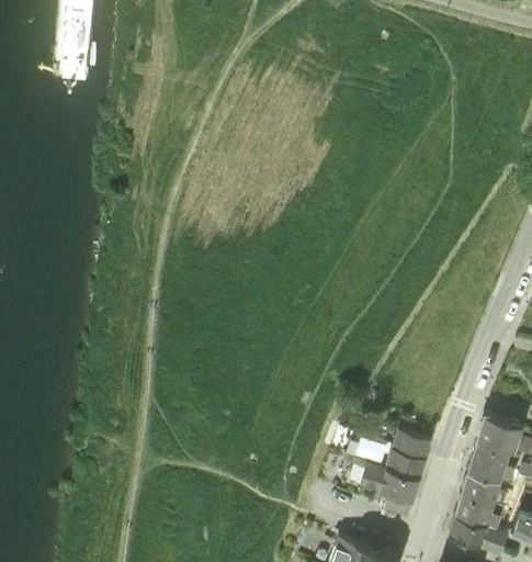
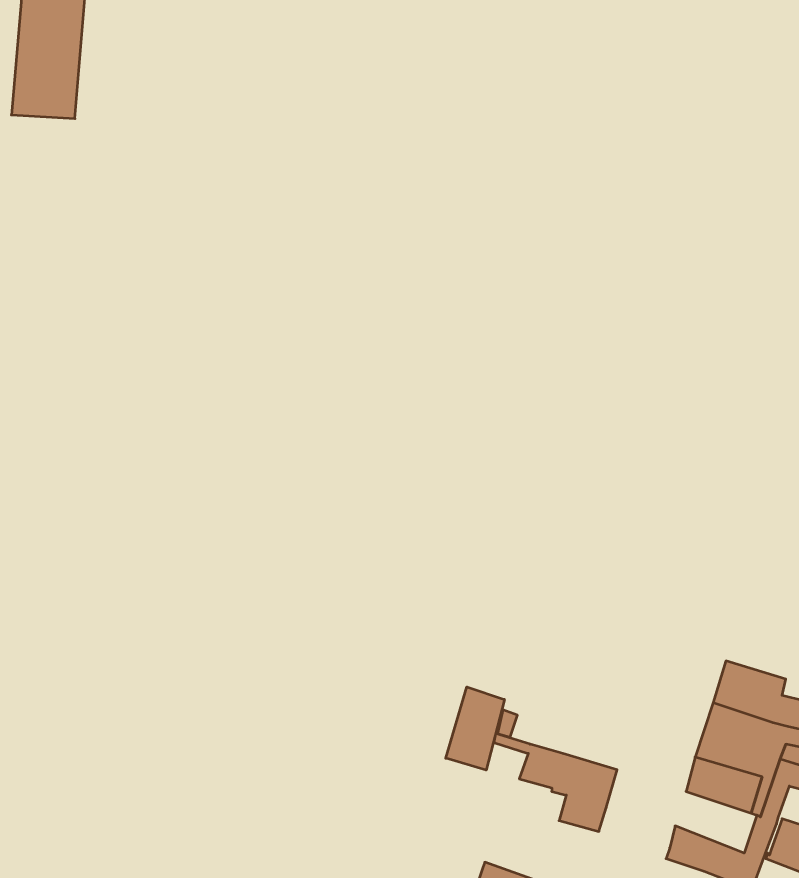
building: none -> [446,687,504,770]
building: [393,430,431,458] -> none
building: [386,452,425,480] -> none
building: [454,493,503,530] -> none

